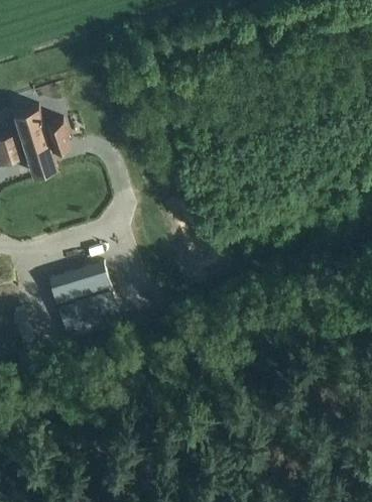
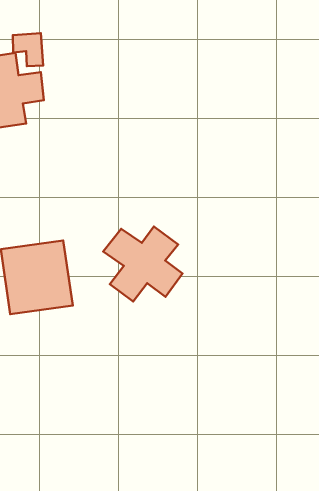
building: none -> [103,227,183,301]

